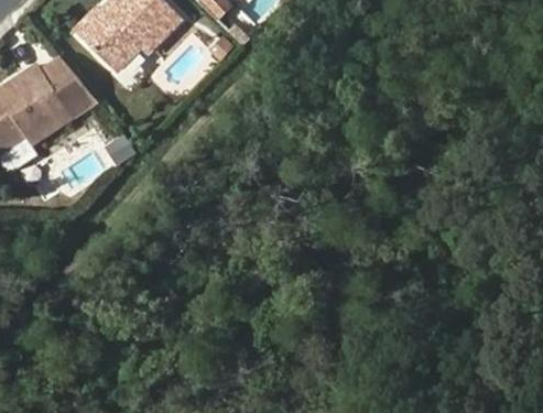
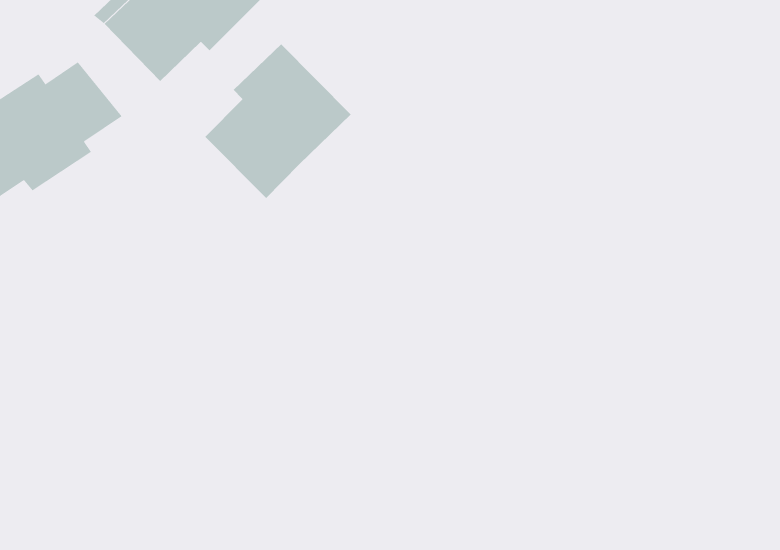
building: none -> [205,43,352,199]

